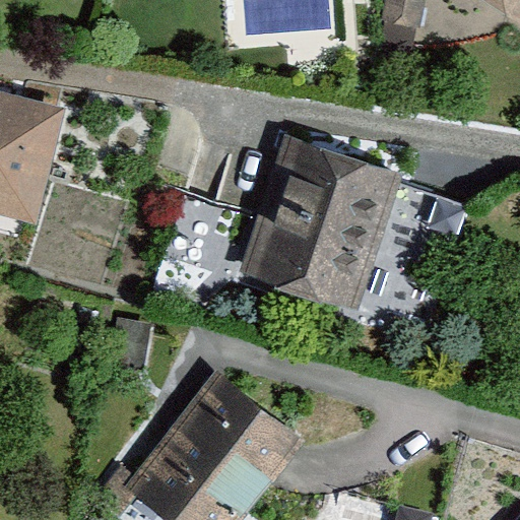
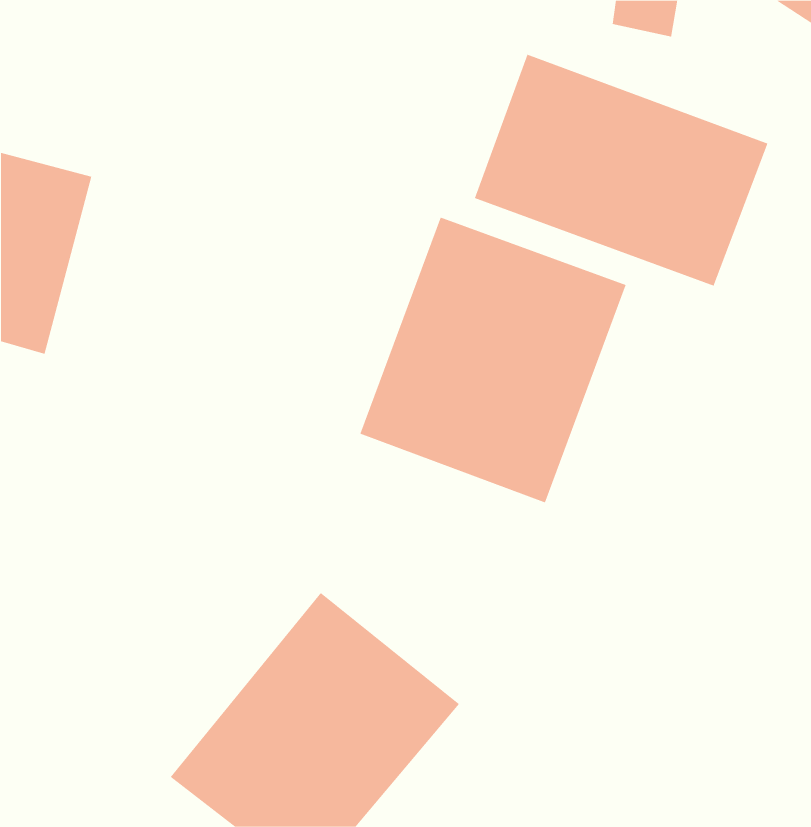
building: none -> [474,54,768,287]

